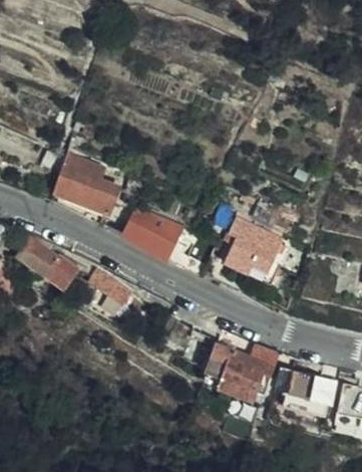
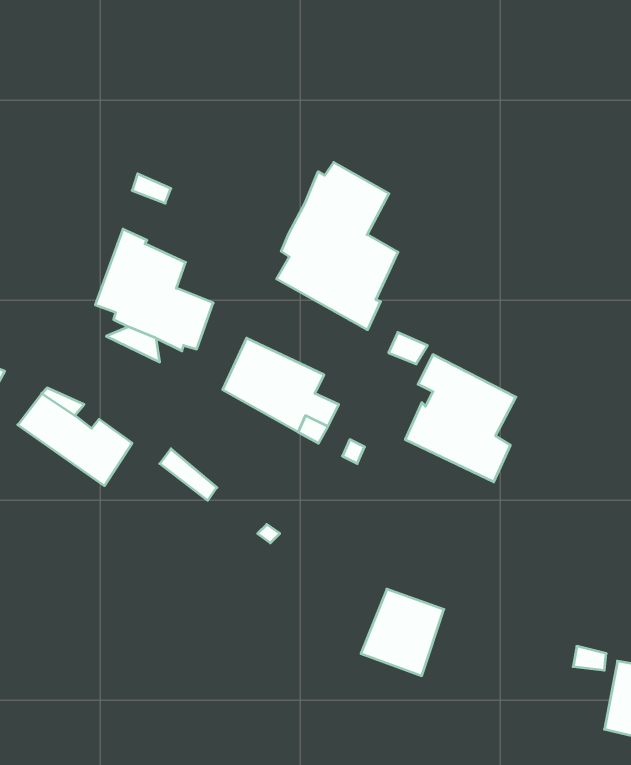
building: none -> [277,162,398,330]
building: [234,343,270,400] -> none
building: [272,368,314,398] -> none

